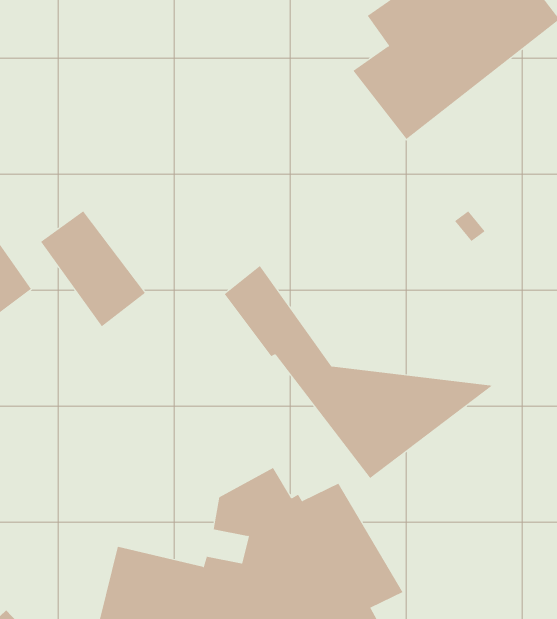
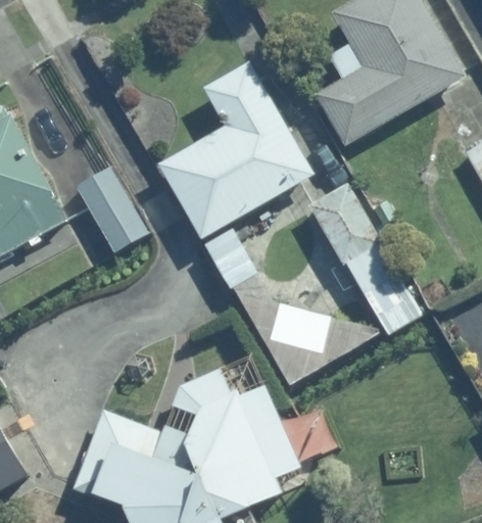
building: none -> [157,61,316,240]
building: none -> [309,184,413,320]

